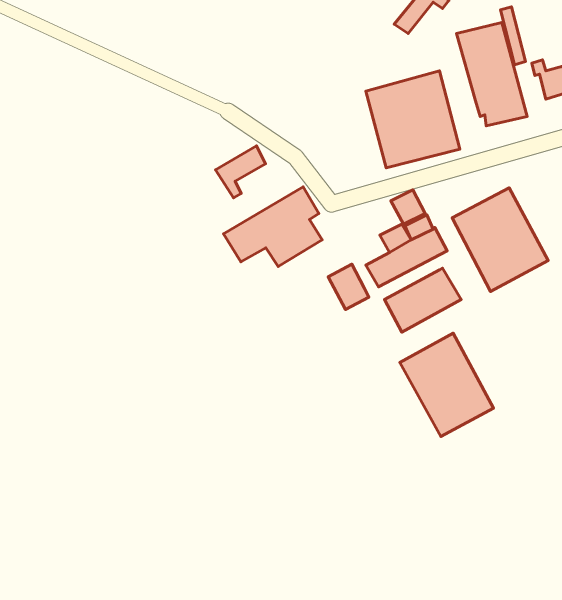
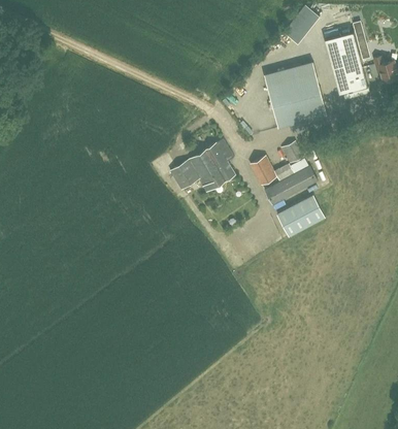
building: [215,146,265,198] -> none
building: [452,188,548,291] -> none
building: [328,264,369,310] -> [250,156,276,186]
building: [400,333,493,437] -> none

